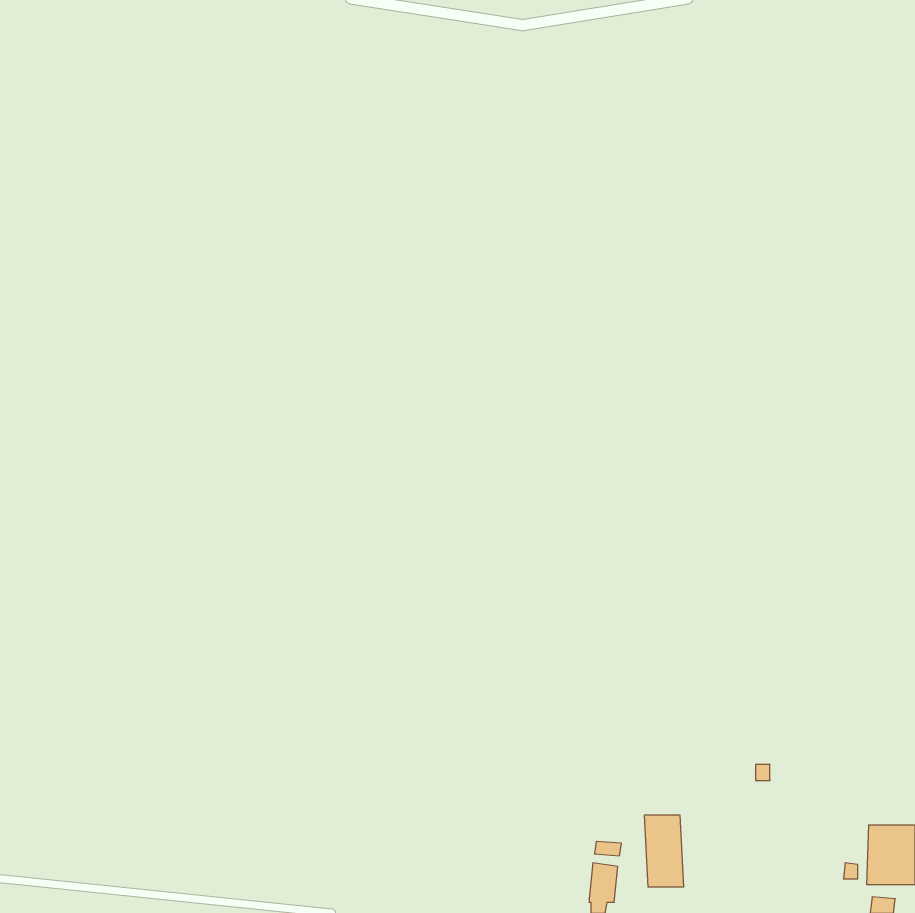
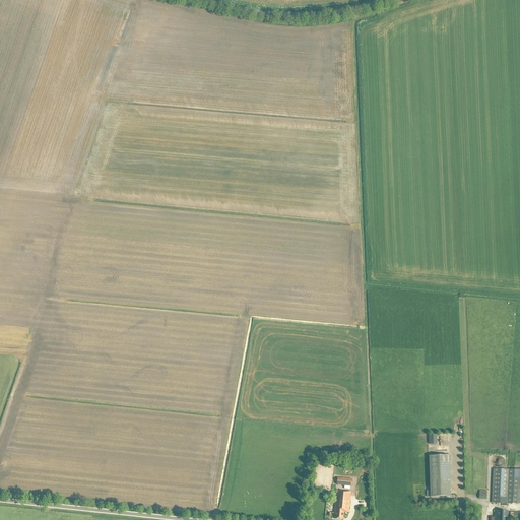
building: [644,815,684,887] -> [429,455,451,496]

